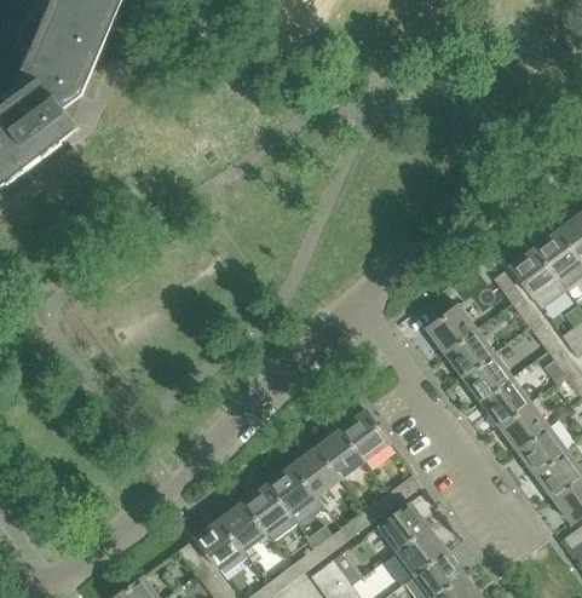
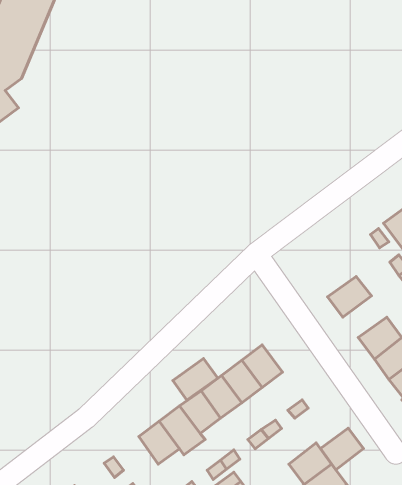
building: [425,304,477,353] -> none
building: [461,352,513,402] -> none
building: none -> [173,358,218,400]
building: [379,502,430,552] -> [321,428,363,470]
building: [194,519,242,570] -> none

